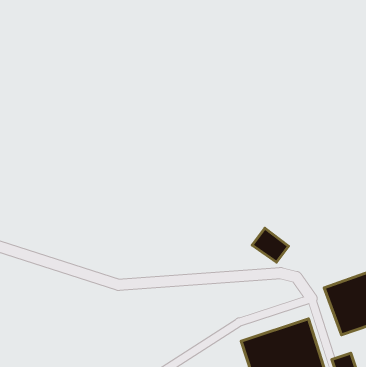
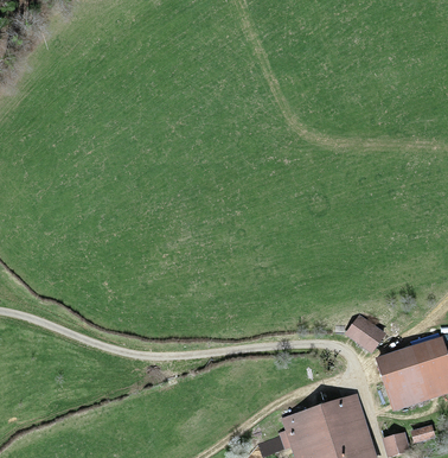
building: [252,228,288,262] -> [345,314,385,352]

